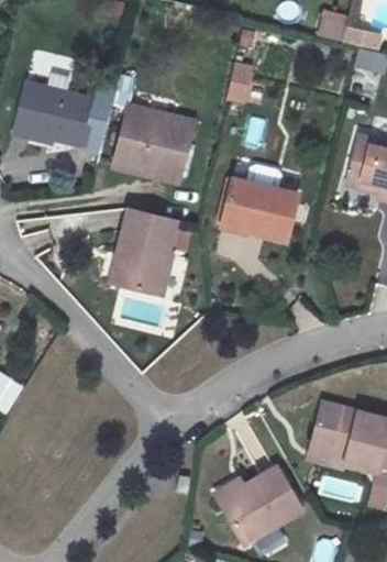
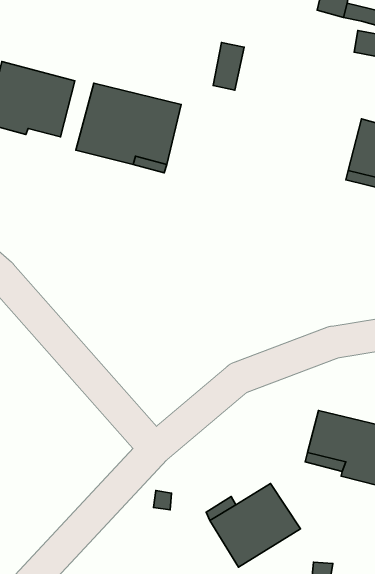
building: [225,178,300,238] -> none
building: [117,211,180,297] -> none

